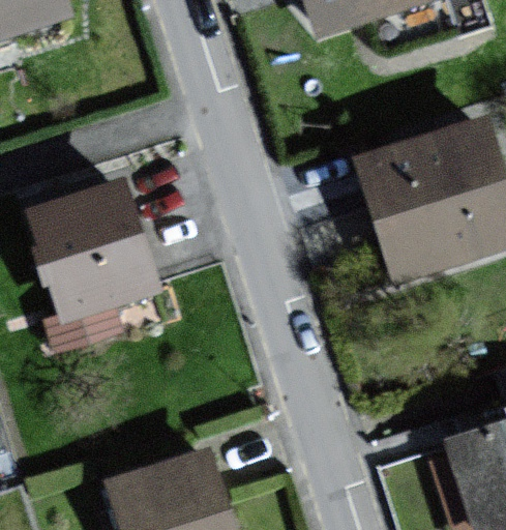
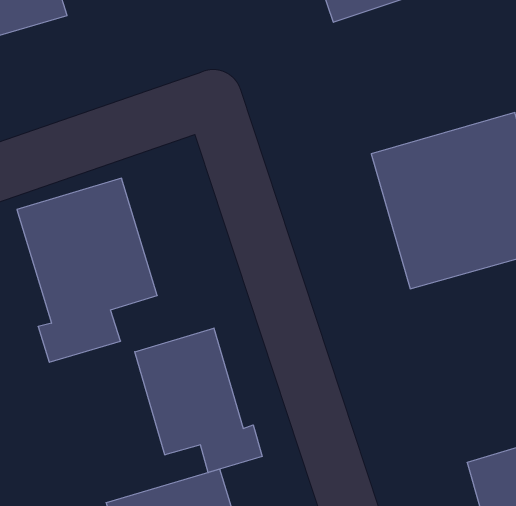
building: none -> [135,328,262,473]

